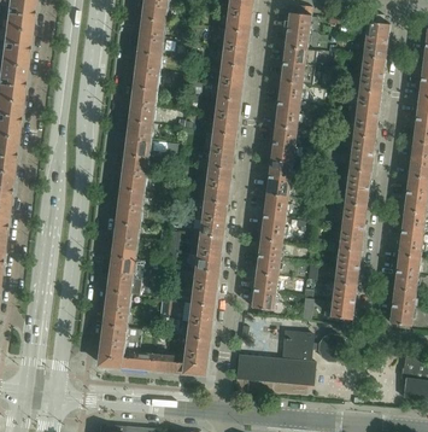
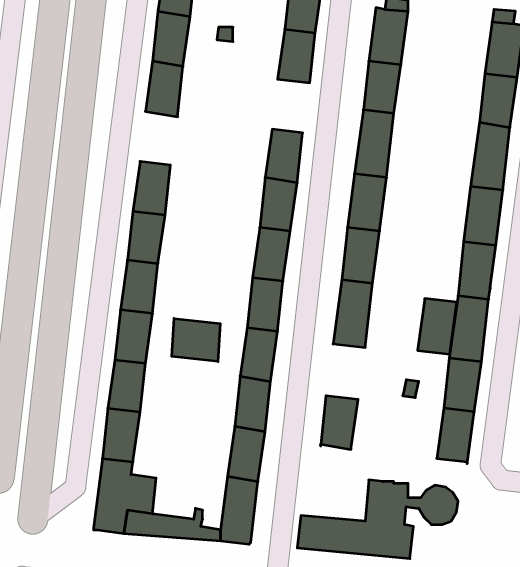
building: [219,62,245,98] -> none
building: [130,83,156,119] -> none
building: none -> [172,318,220,362]
building: [256,240,282,278] -> [418,299,457,354]

